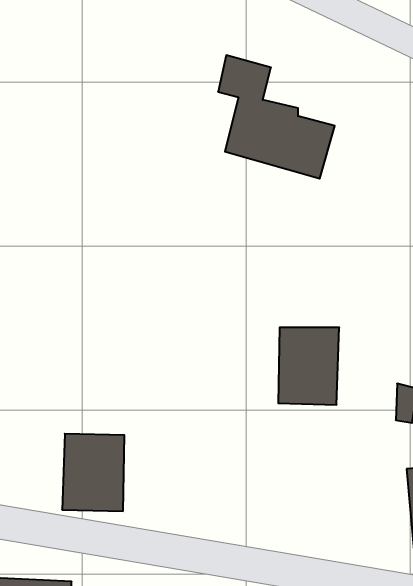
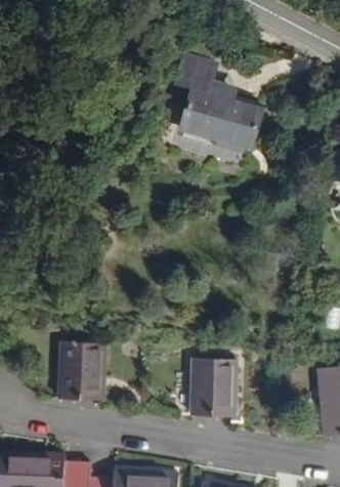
building: [278,327,339,405] -> [190,359,237,417]

